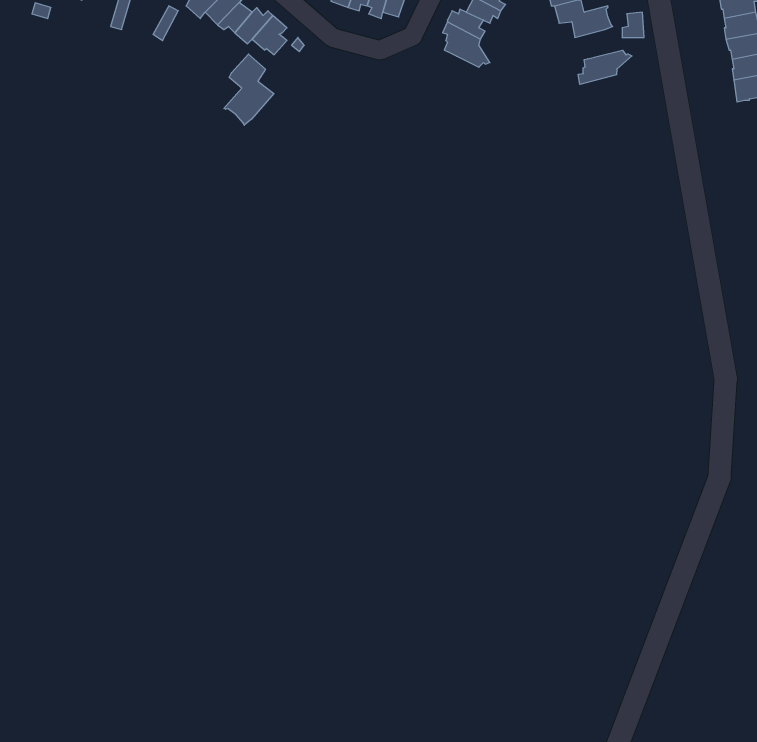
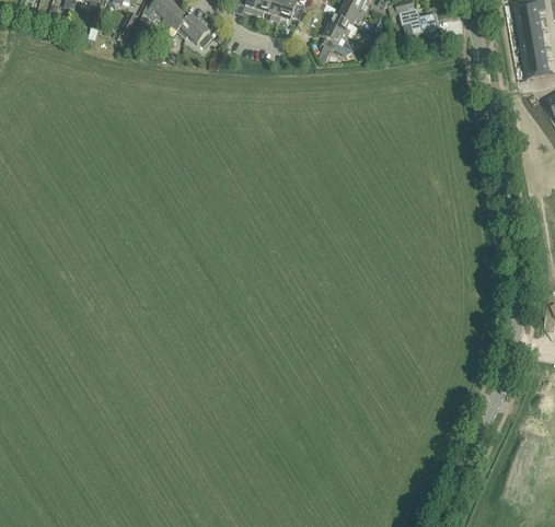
building: [578,50,632,84] -> none
building: [224,54,274,125] -> none

